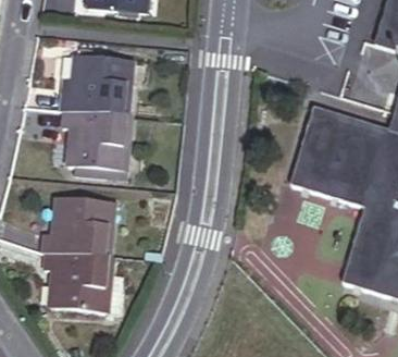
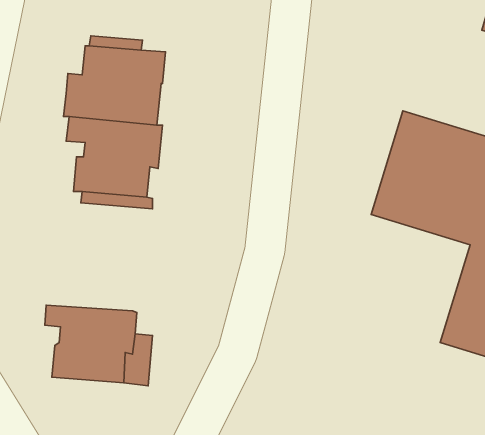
building: [41,198,112,256] -> none

